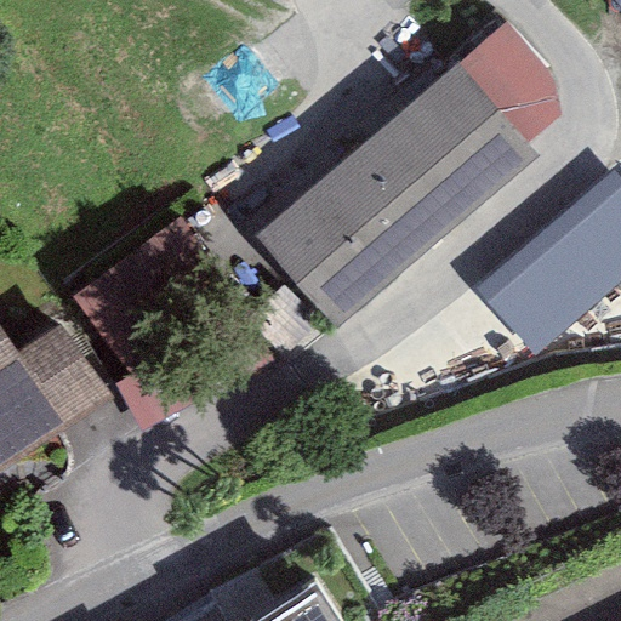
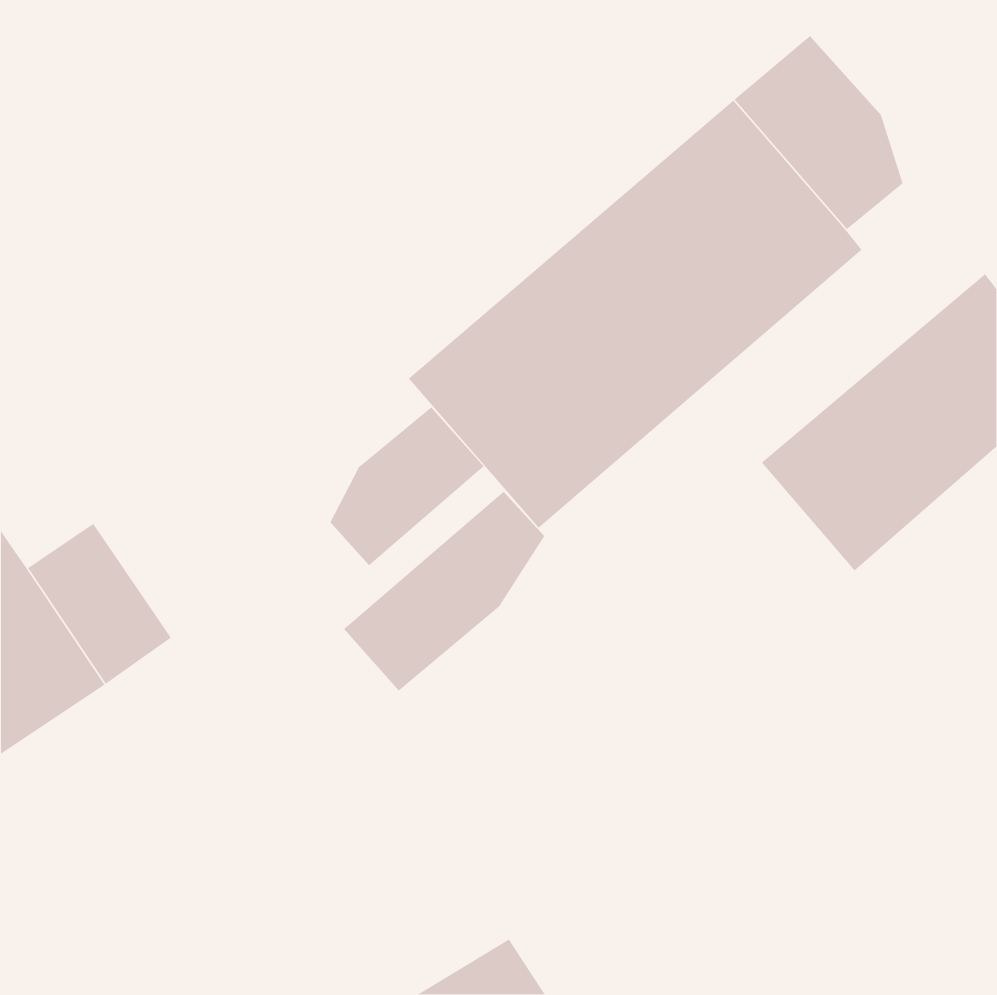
building: none -> [329,406,484,566]
building: none -> [343,491,545,691]

